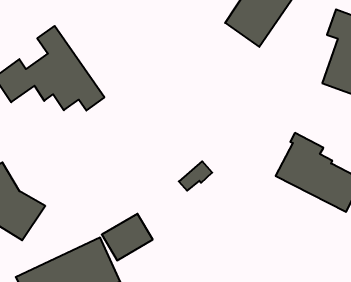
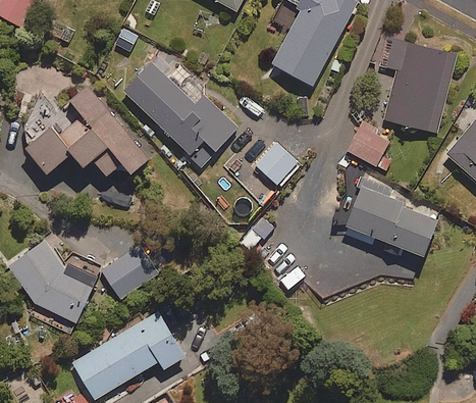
building: none -> [123,62,240,167]
building: none -> [347,122,389,166]
building: none -> [255,143,297,186]
building: [102,214,153,260] -> [102,246,158,299]

